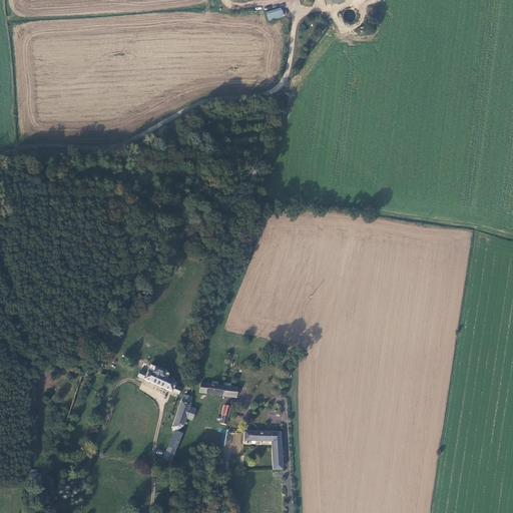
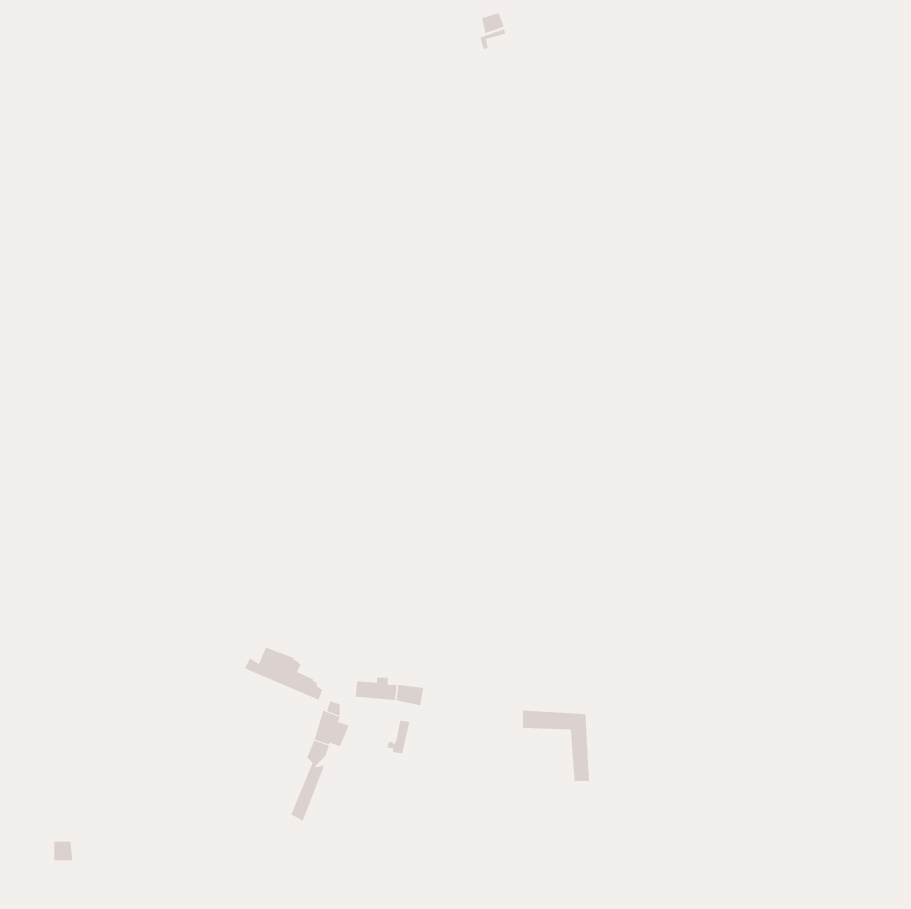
building: [244,430,283,470] -> [522,710,590,782]

